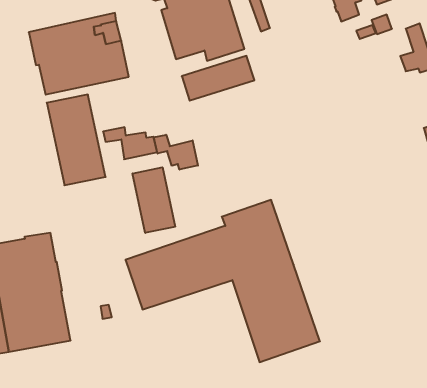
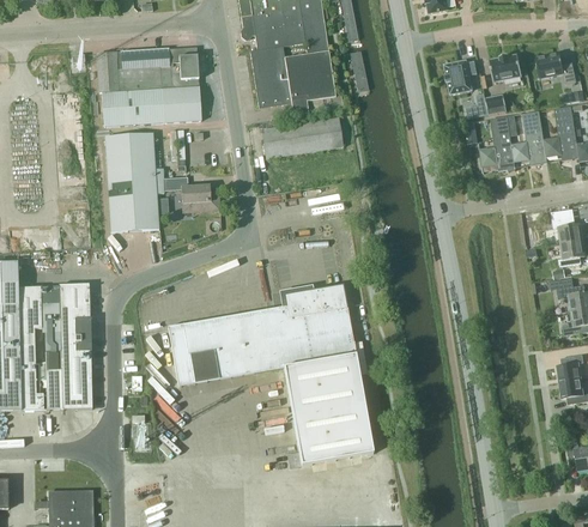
building: none -> [479,115,515,169]
building: [154,135,198,170] -> none
building: [133,167,175,233] -> none

